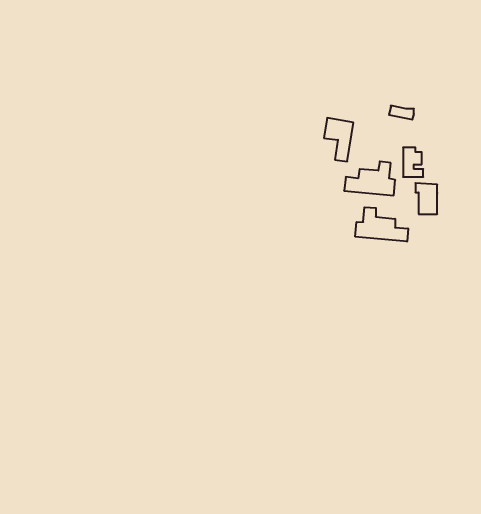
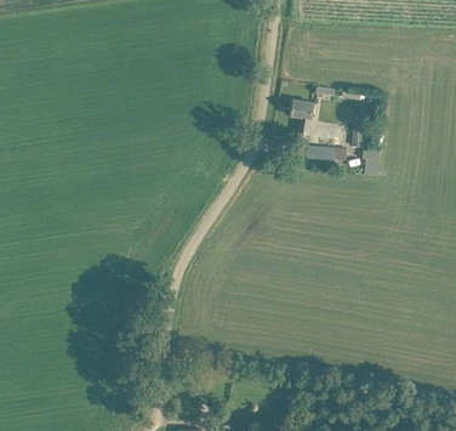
building: [355,207,408,242] -> none

